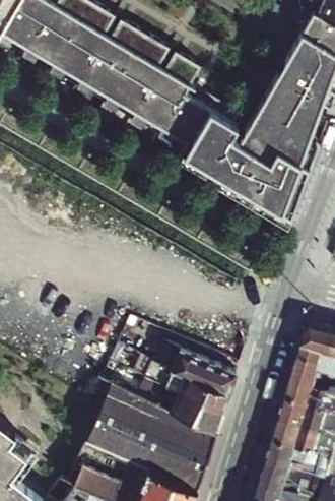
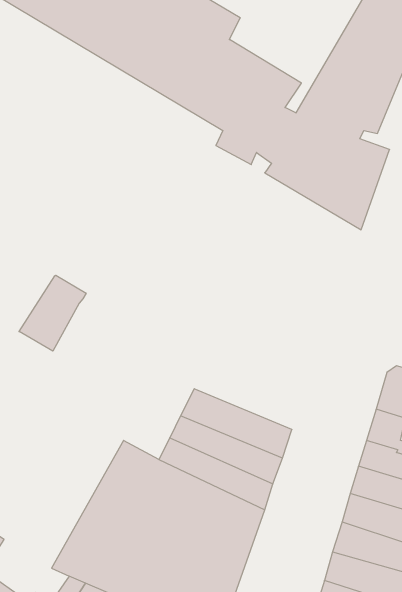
building: none -> [19,275,86,351]

